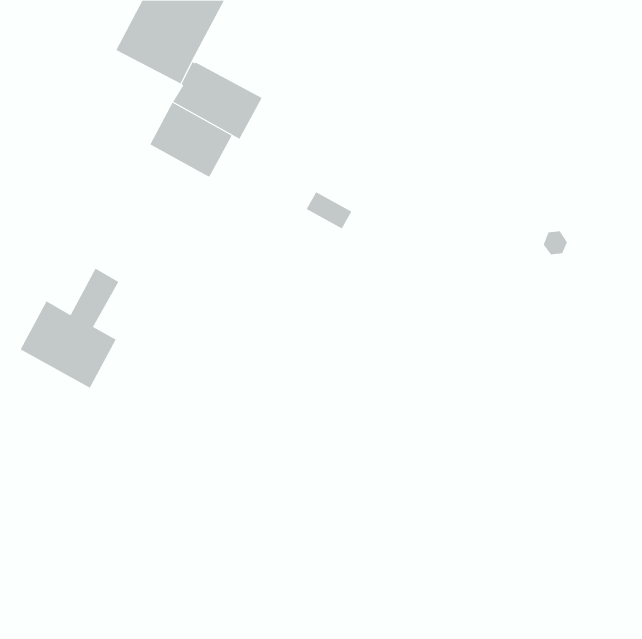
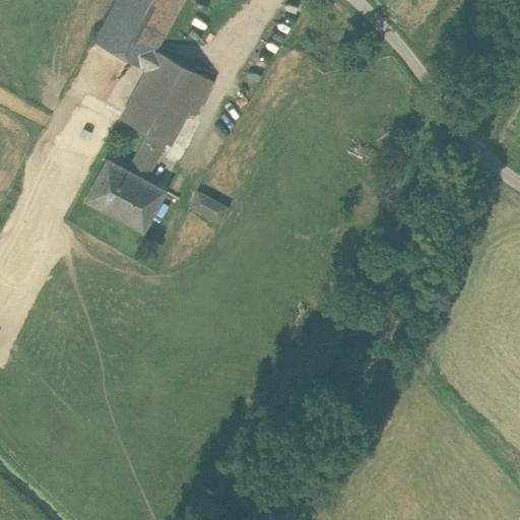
building: [306,191,352,229] -> [190,192,228,222]
building: [20,268,119,388] -> [86,133,167,231]

